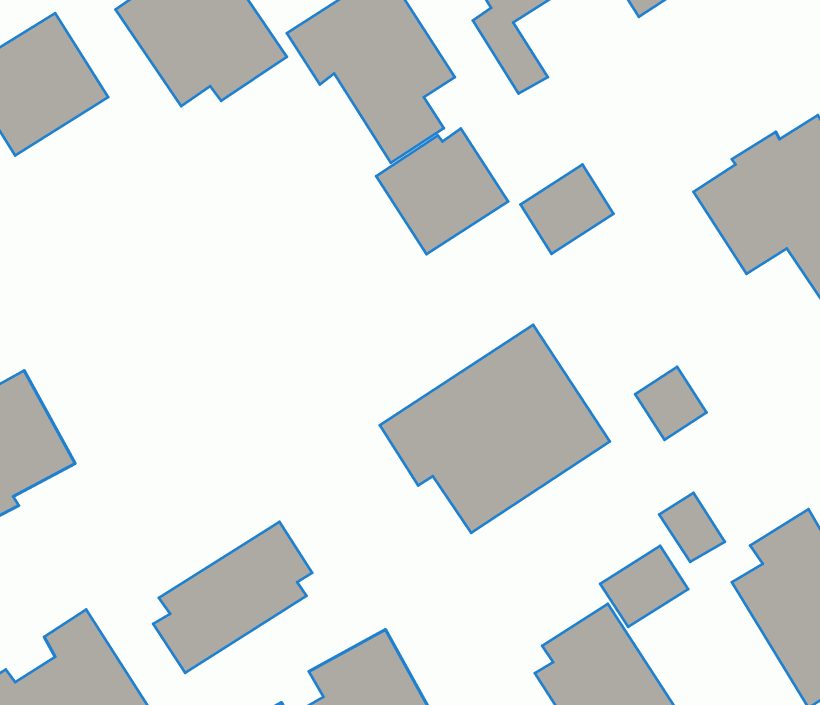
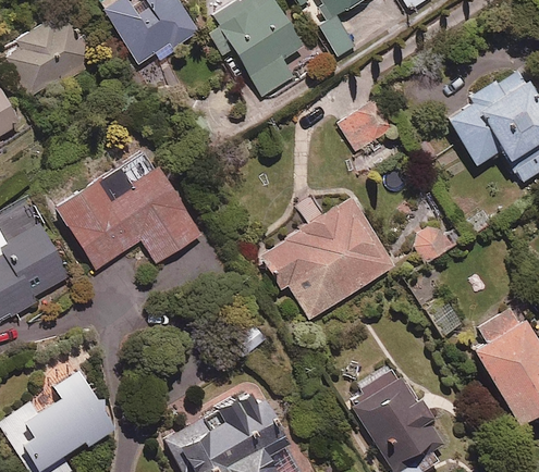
building: [376,129,508,254] -> none
building: none -> [59,162,205,269]
building: [153,522,312,673] -> none
building: [600,546,688,627] -> none

